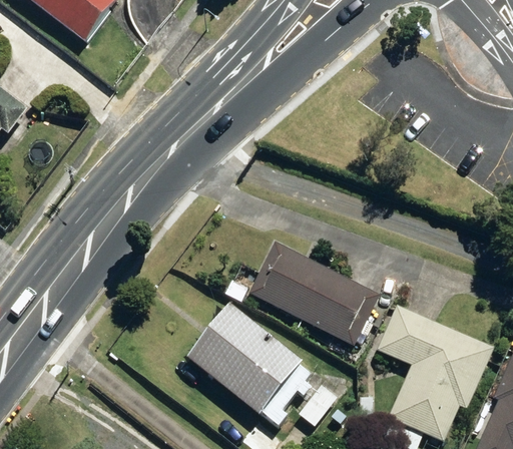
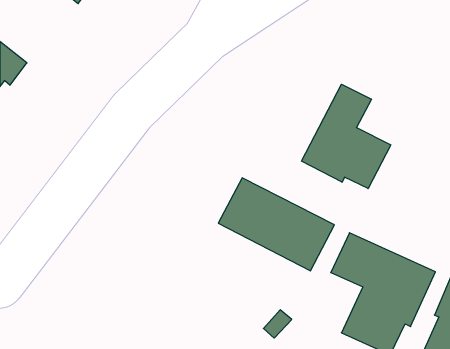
building: none -> [302,84,391,189]
building: [187,305,311,424] -> none

